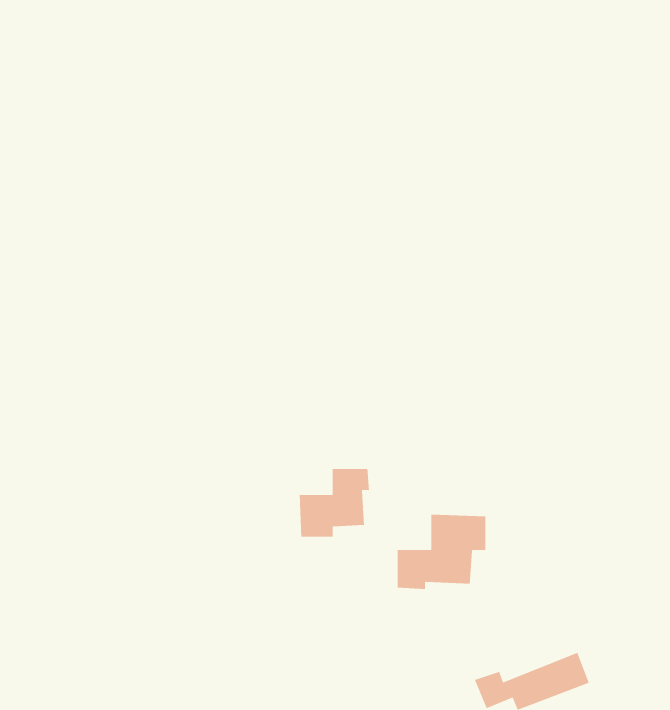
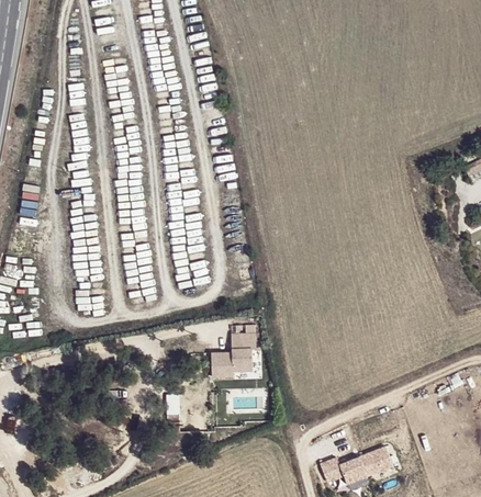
building: [397,514,486,590] -> none

